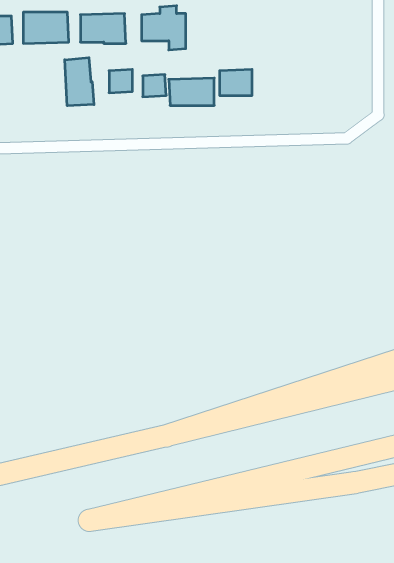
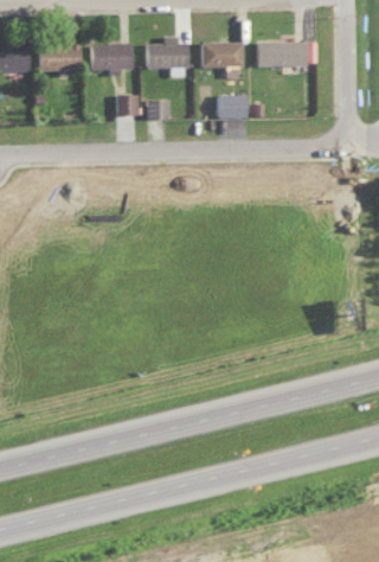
building: none -> [257,41,307,66]
building: [65,58,94,106] -> none
building: [169,78,214,105] -> [201,43,243,68]

